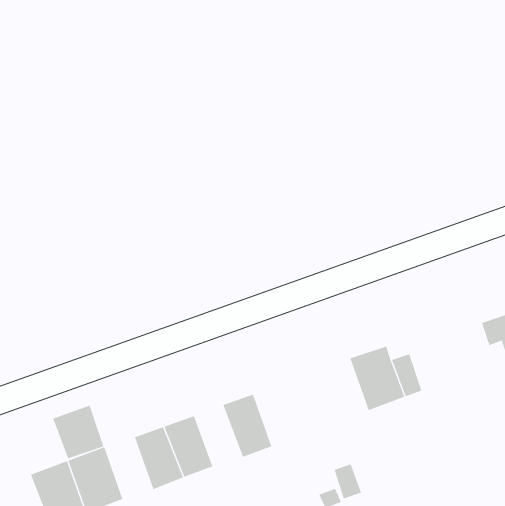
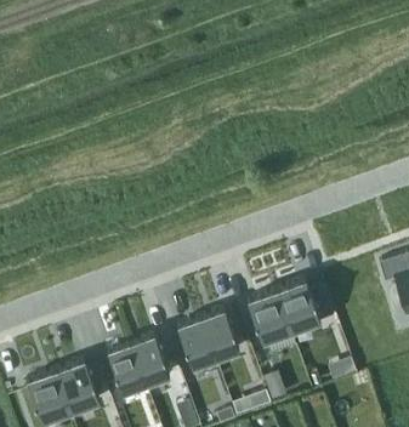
building: none -> [246,291,290,343]
building: none -> [200,311,239,360]
building: [52,405,104,459] -> none

